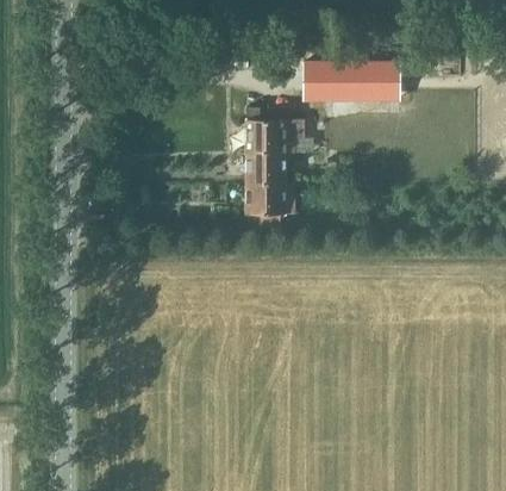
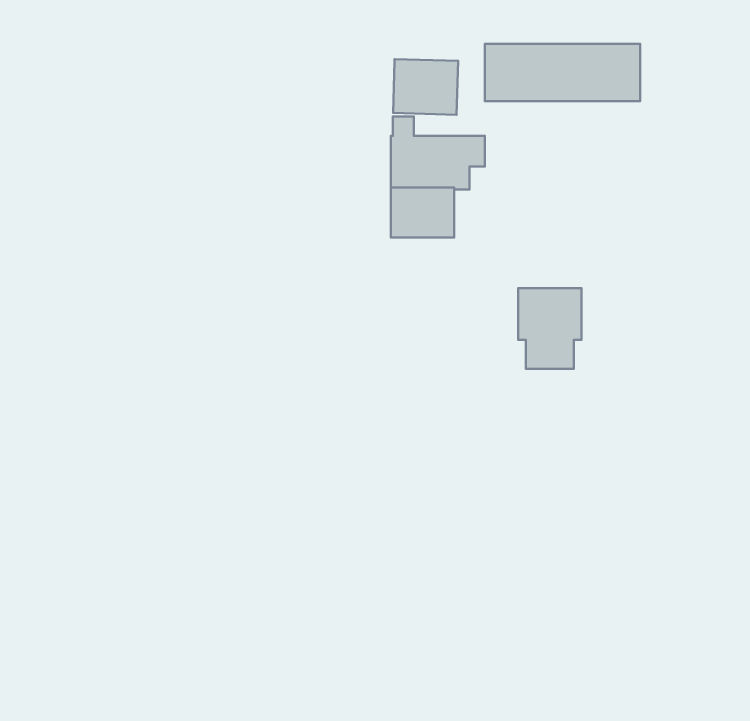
building: none -> [393,59,458,115]
building: [246,182,286,232] -> [518,288,581,369]

